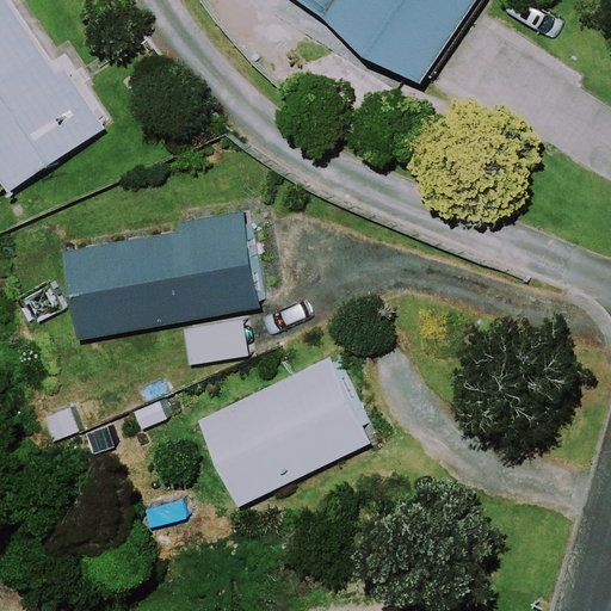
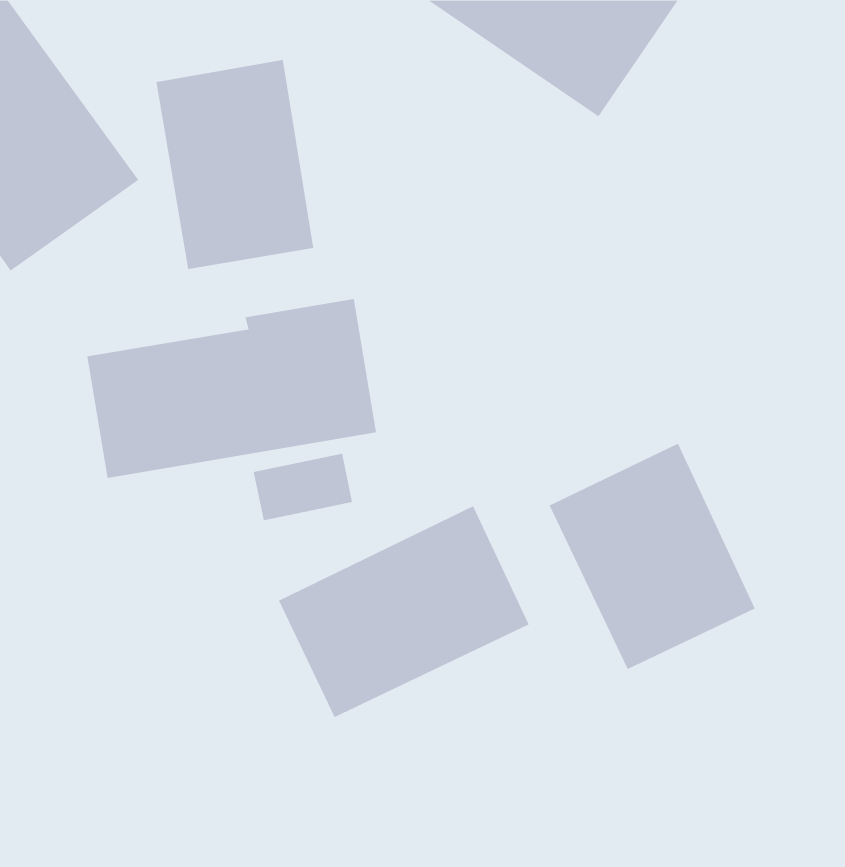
building: none -> [156,59,314,270]
building: none -> [549,443,756,670]

